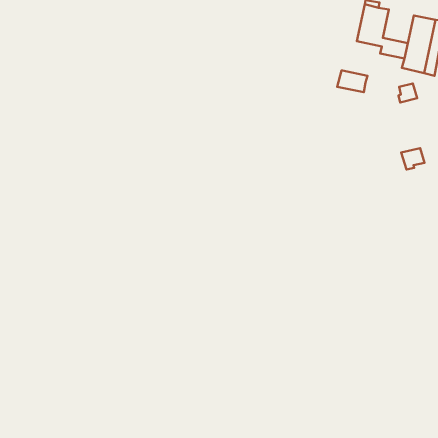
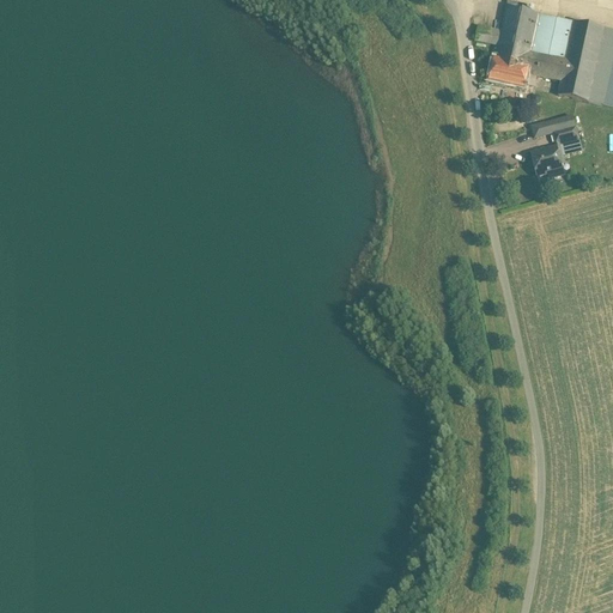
building: none -> [535,13,578,60]
building: [337,71,367,92] -> [492,57,534,87]
building: [401,148,425,170] -> [534,146,566,176]

